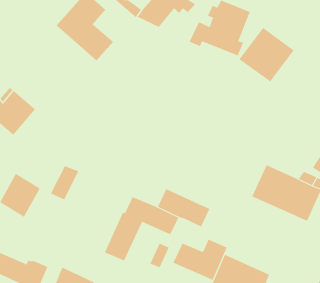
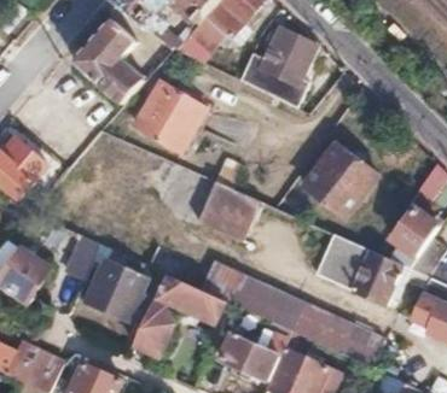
building: [239,27,295,82] -> [306,145,376,213]
building: none -> [135,82,205,151]
building: none -> [201,183,262,244]
building: none -> [86,259,145,318]
building: none -> [254,289,379,364]

